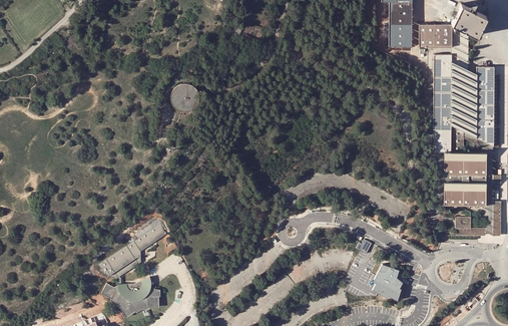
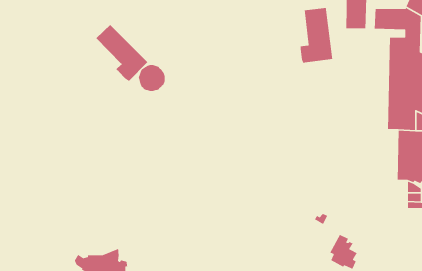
building: none -> [300,7,333,64]
building: none -> [96,24,148,82]
building: [98,223,166,279] -> none

